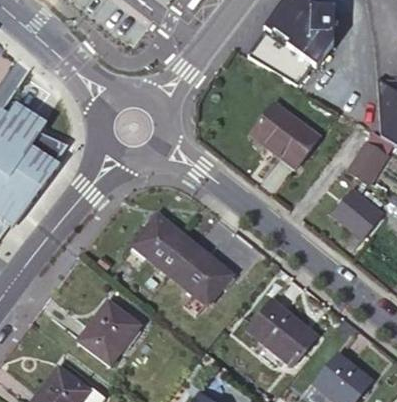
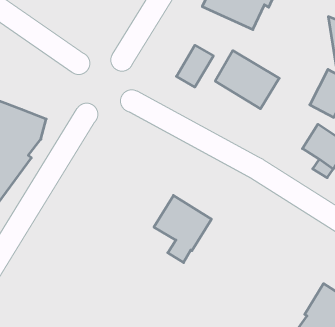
building: none -> [176,45,213,87]
building: [134,213,196,274] -> none
building: [249,299,314,362] -> none
building: [80,300,140,362] -> none

